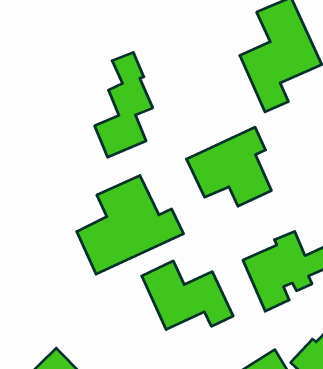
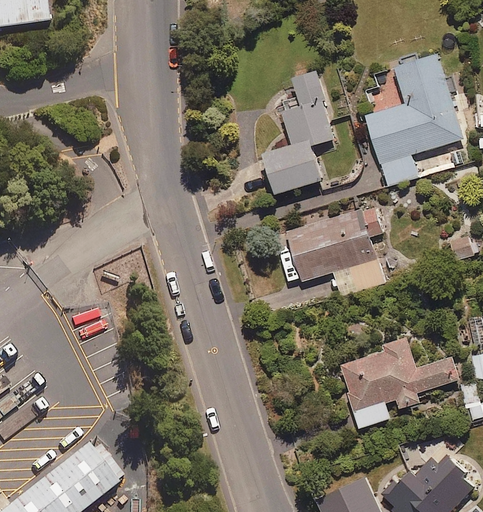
building: [95,52,153,157] -> [260,69,333,192]
building: [77,175,183,274] -> none
building: [142,261,233,330] -> none

